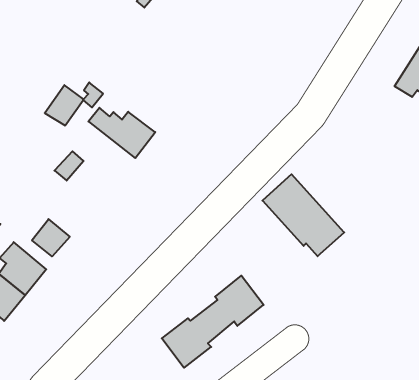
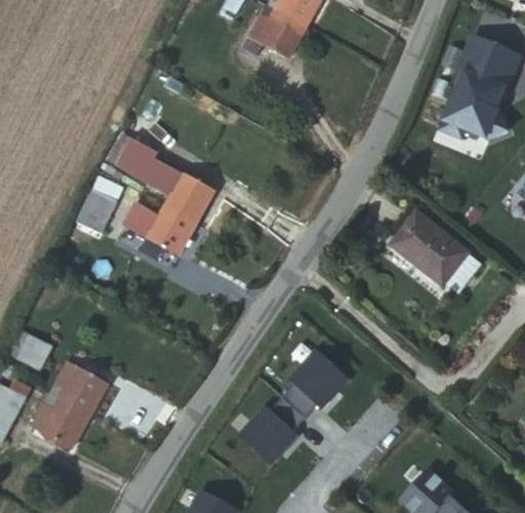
building: none -> [118,136,214,222]
building: [262,174,344,256] -> [391,212,482,293]
building: [32,219,70,256] -> none

